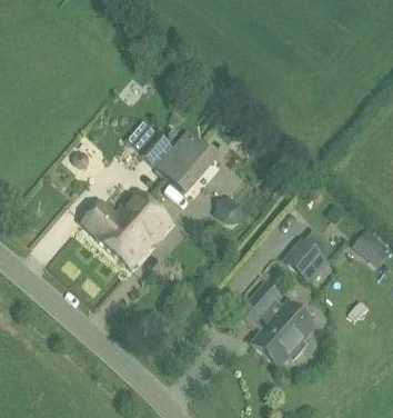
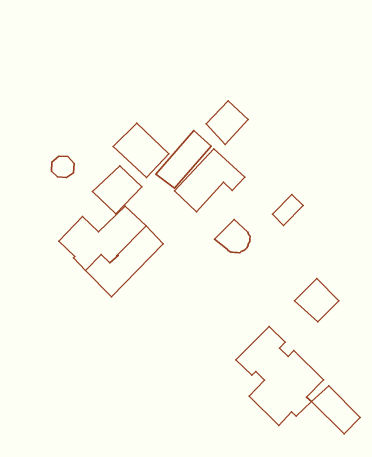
building: none -> [206,101,248,144]
building: none -> [93,166,142,214]
building: none -> [312,386,360,434]

